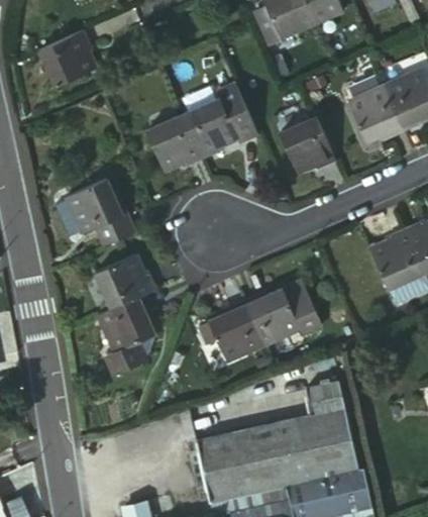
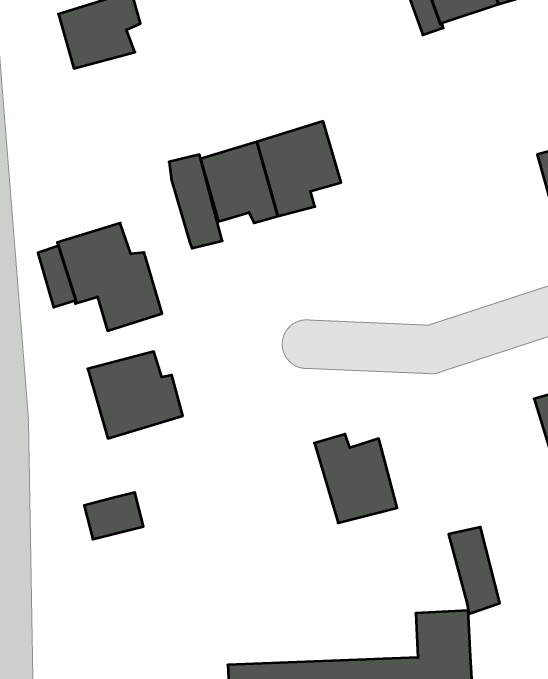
building: [214,80,253,138] -> [169,155,222,248]
building: [278,115,332,170] -> none
building: [278,283,315,337] -> [449,527,500,614]
building: [207,298,259,360] -> none
building: [104,302,150,348] -> none

